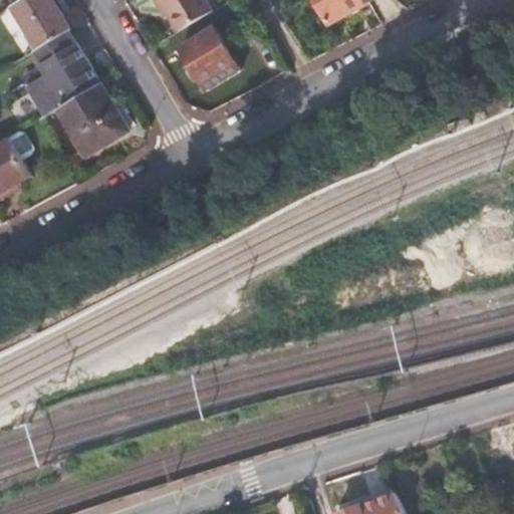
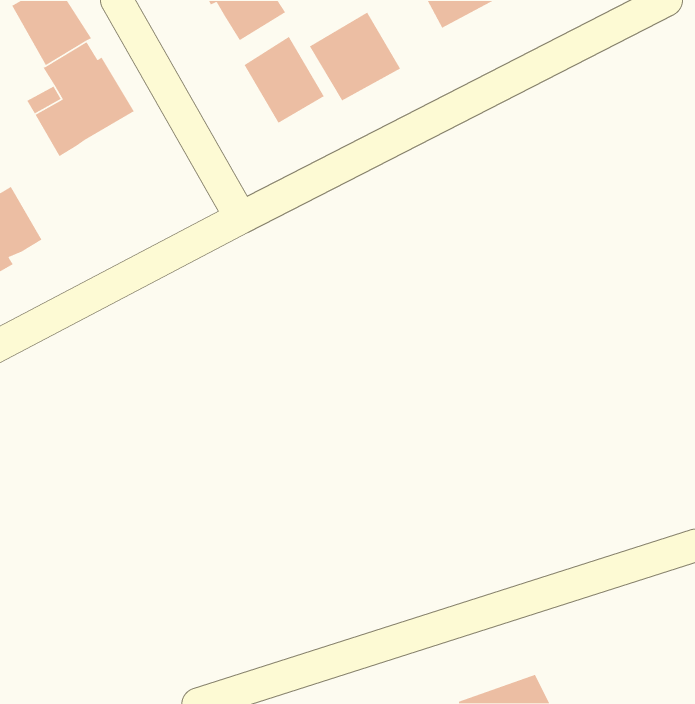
building: none -> [309,12,401,102]
building: [56,81,126,154] -> none

